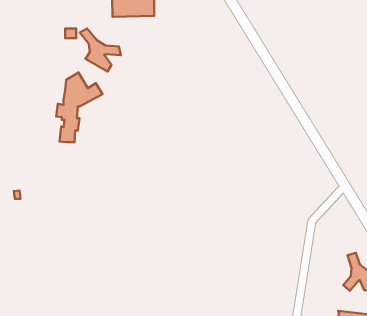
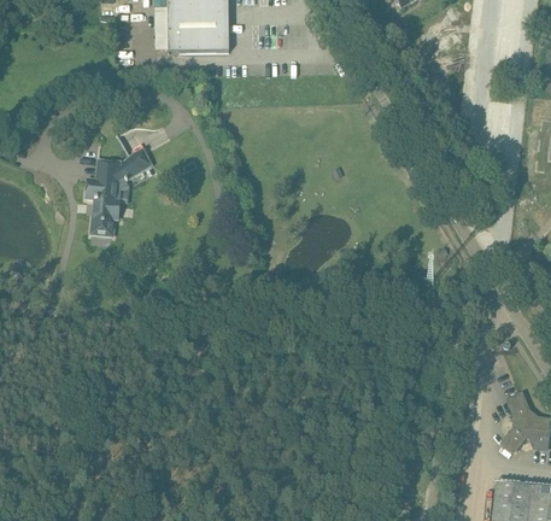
building: [80,28,121,72] -> none

